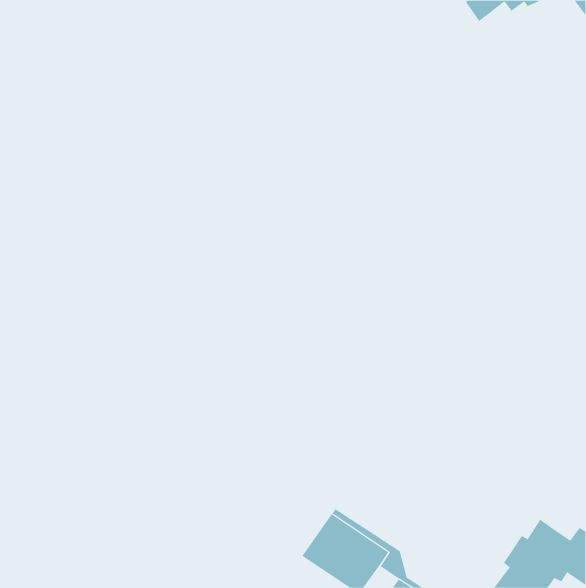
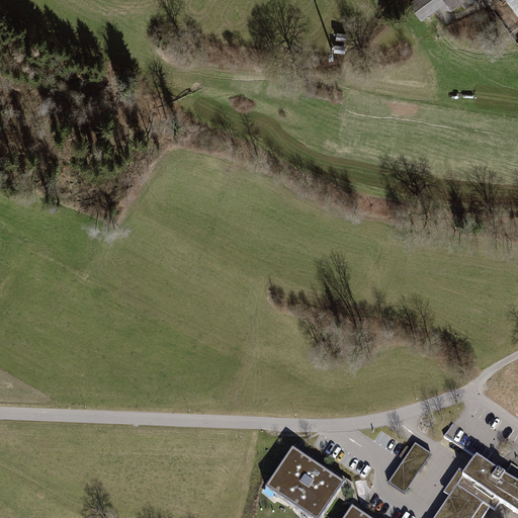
building: none -> [387,445,430,495]

